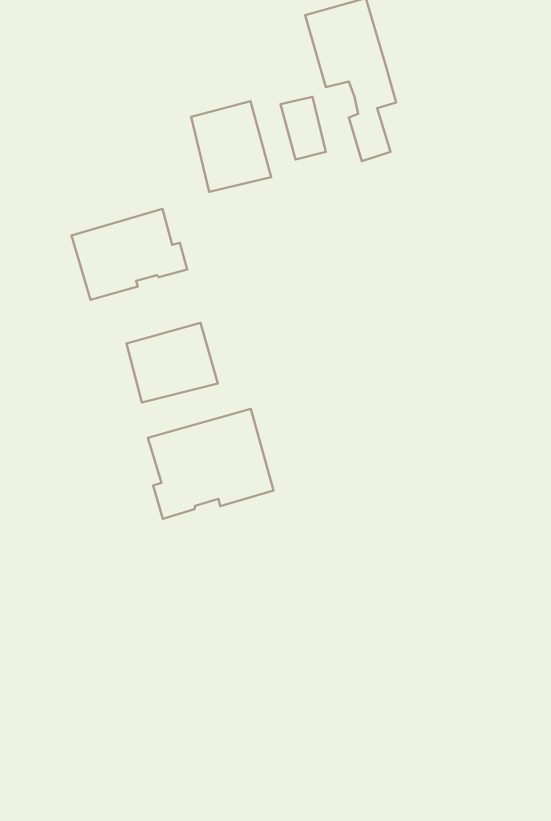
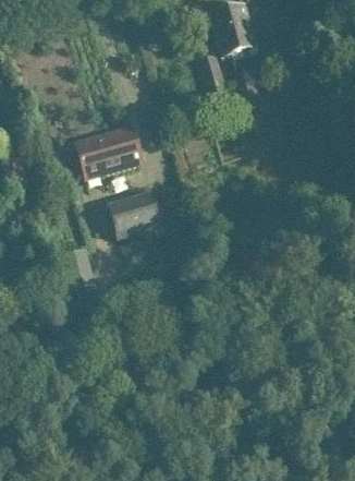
building: [191,101,271,192] -> none
building: [148,409,274,519] -> none

